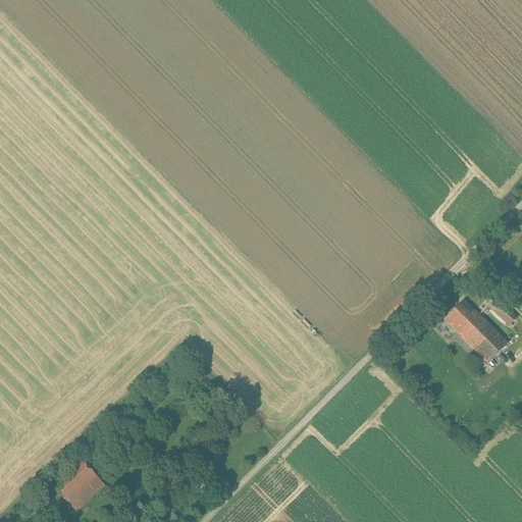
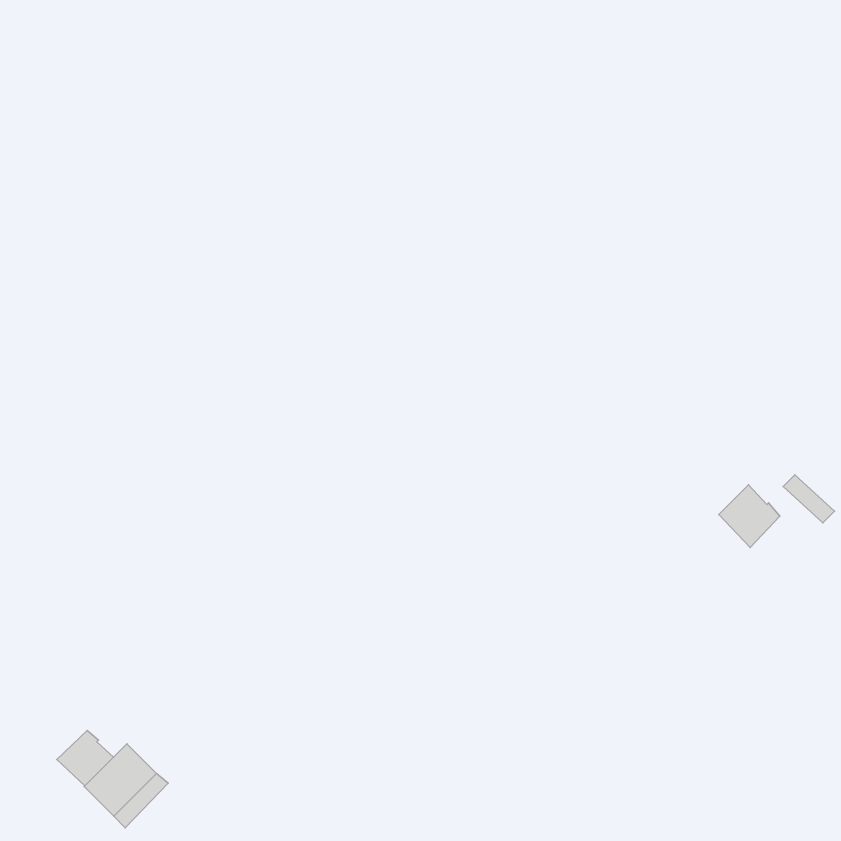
building: [465,319,507,361] -> none
building: none -> [57,731,114,786]

